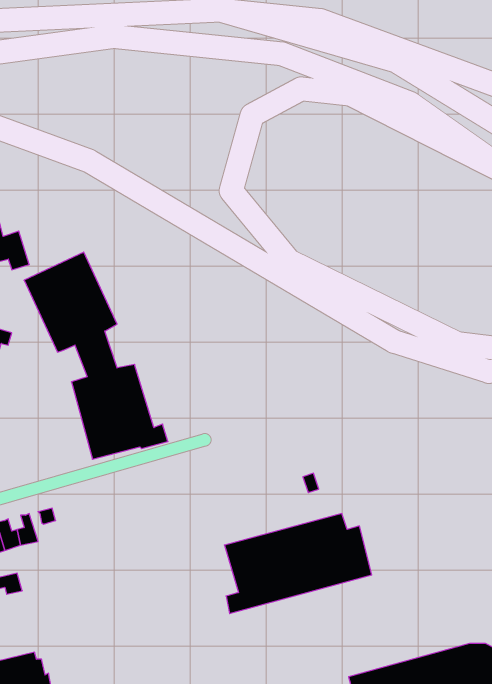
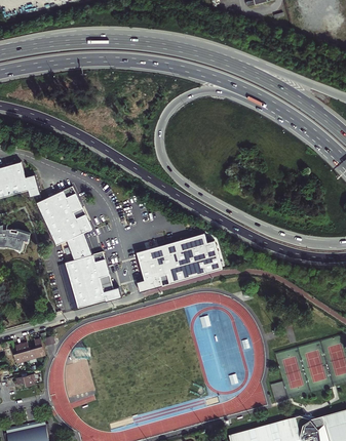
building: [224,514,372,614] -> [136,234,222,292]

